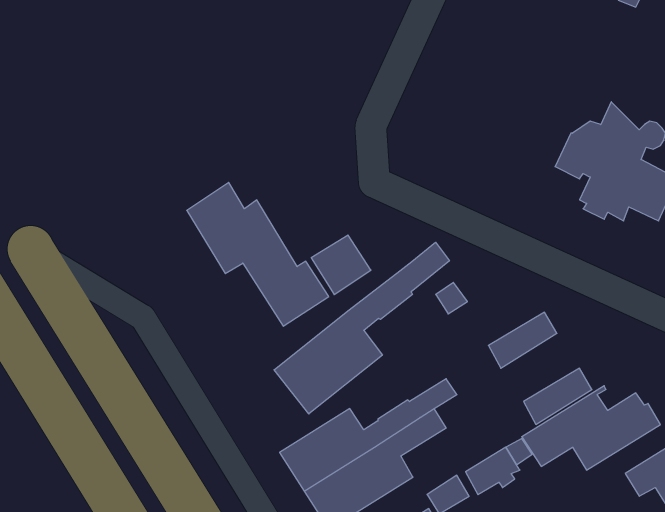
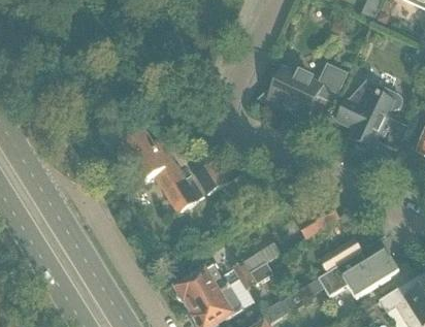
building: none -> [261,64,347,118]
building: [274,242,449,414] -> none

